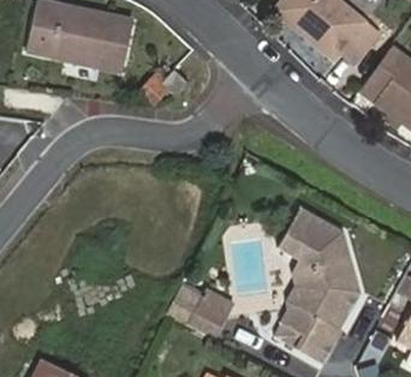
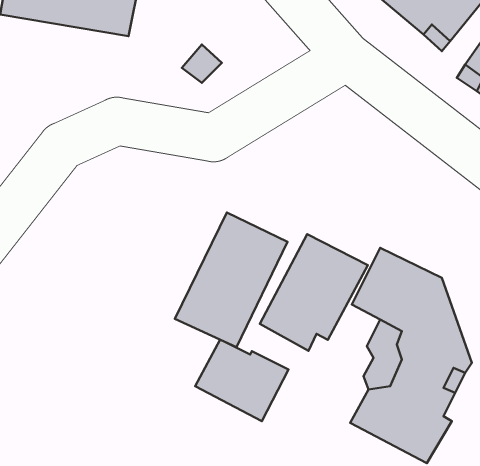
building: none -> [175,213,288,347]
building: none -> [260,234,368,351]

